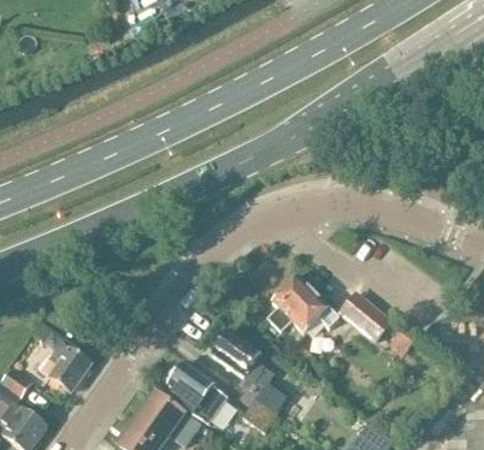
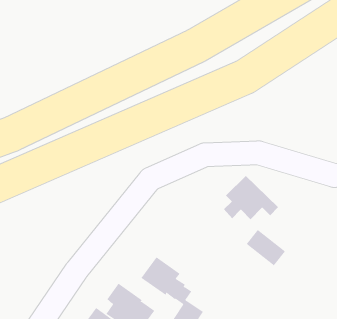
building: [268,276,337,331] -> [223,175,279,220]
building: [47,341,90,391] -> none

